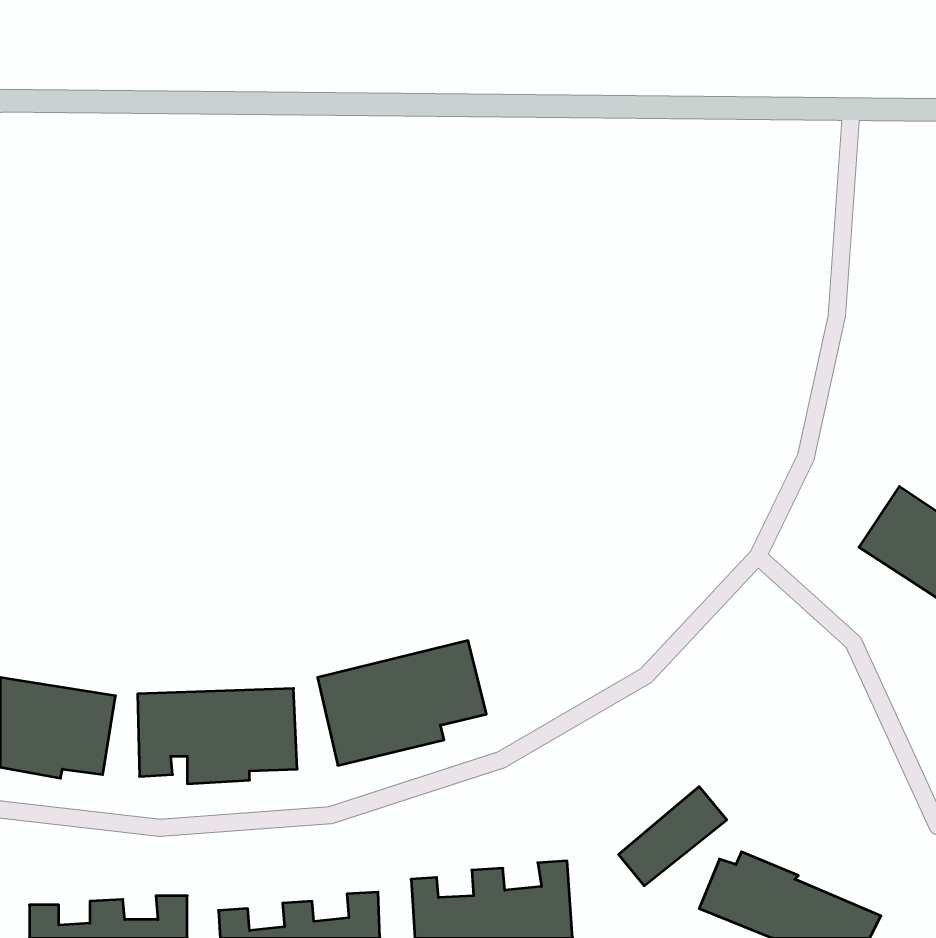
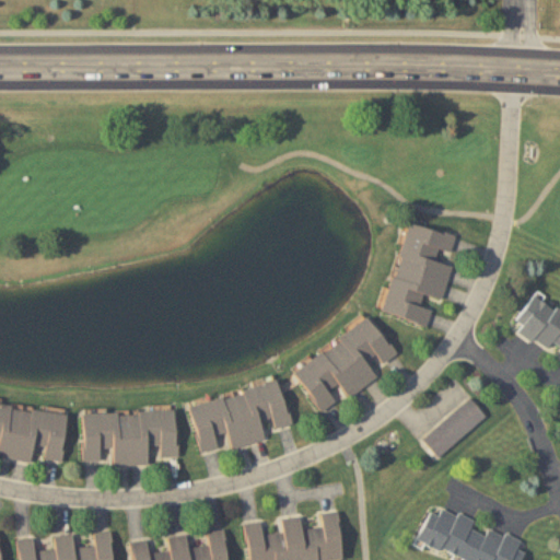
building: none -> [383,222,457,326]
building: none -> [293,317,396,412]
building: [619,787,727,886] -> [422,398,487,457]

